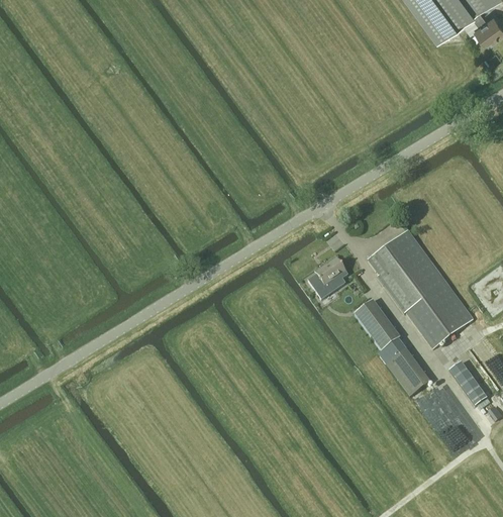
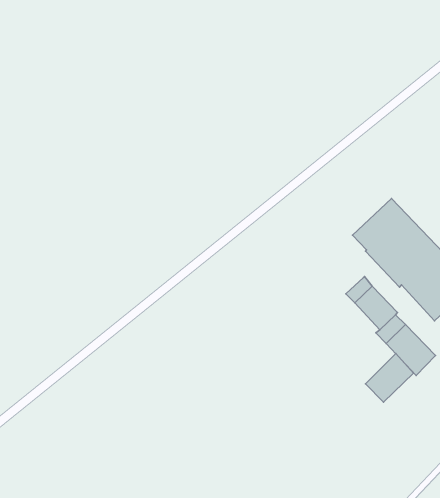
building: [308,256,347,298] -> none
building: none -> [366,354,413,402]

